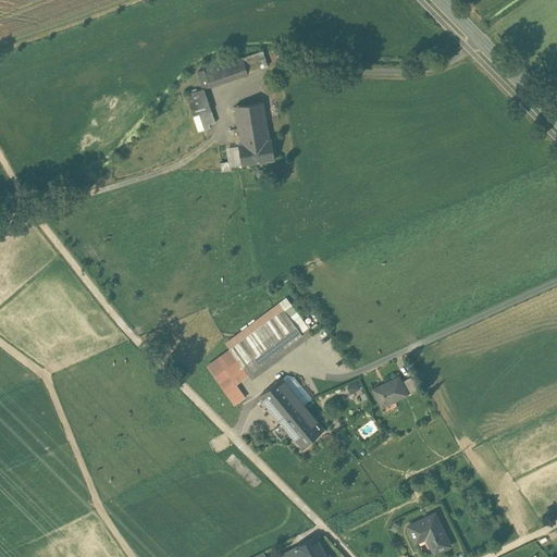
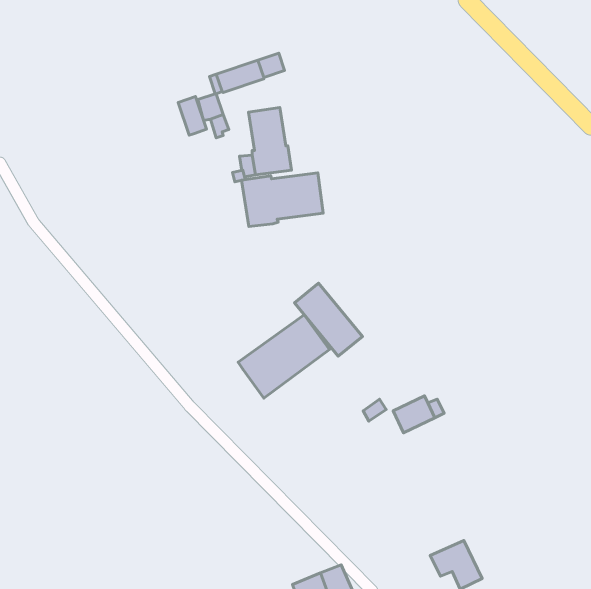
building: none -> [178,96,207,135]
building: none -> [242,173,323,226]
building: [206,349,248,407] -> none
building: [261,380,325,448] -> [294,283,363,356]

